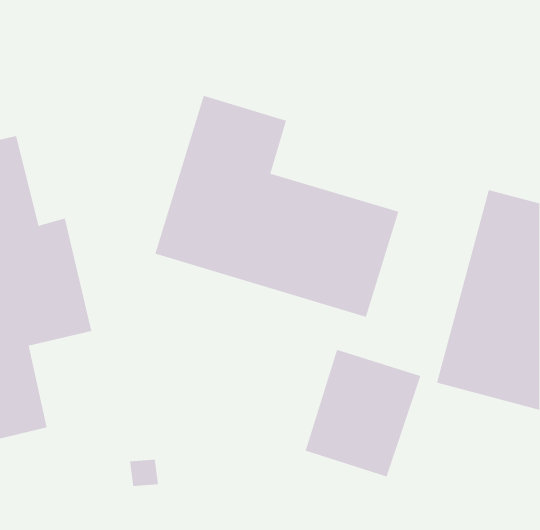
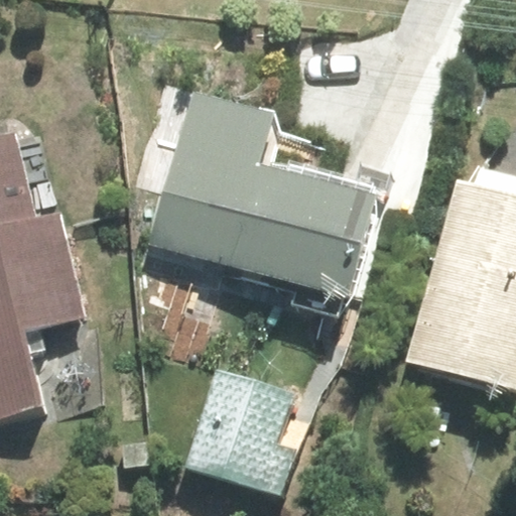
building: [305,349,421,477] -> [181,370,292,492]

